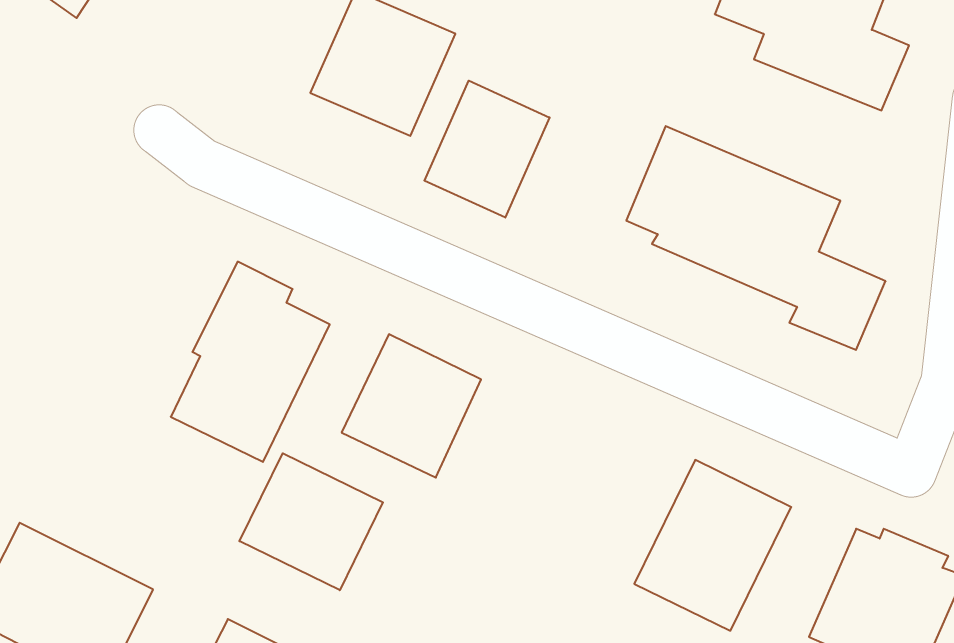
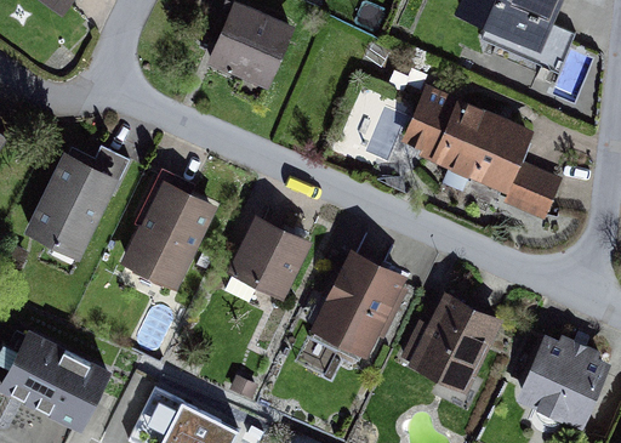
building: [424,81,550,218] -> none
building: none -> [23,147,131,261]
building: none -> [308,248,408,360]
building: [239,453,383,590] -> none

